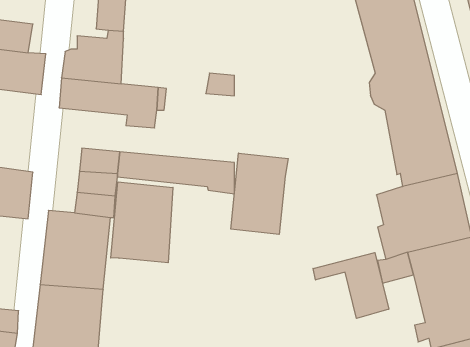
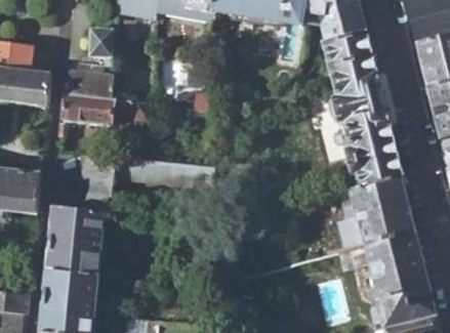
building: [231,153,288,234] -> none
building: [111,182,173,263] -> none
building: [313,253,389,318] -> none

